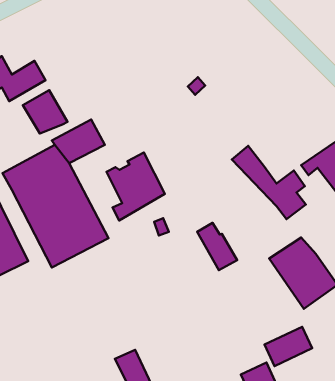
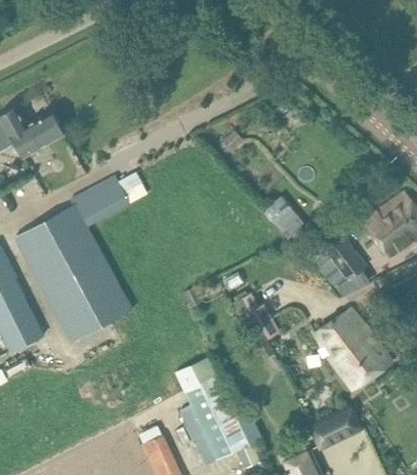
building: [23,90,68,134] -> none
building: [107,153,165,220] -> none
building: none -> [175,356,252,461]

